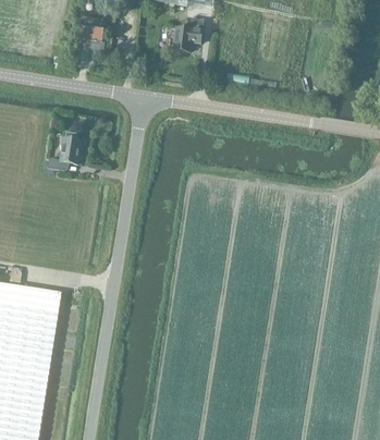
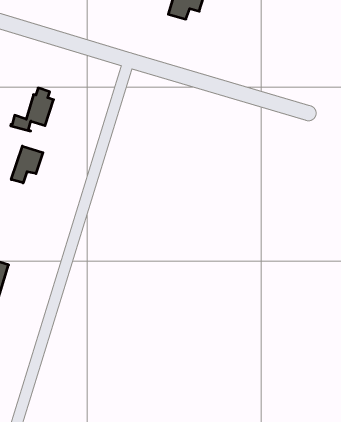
building: none -> [11,146,43,183]

